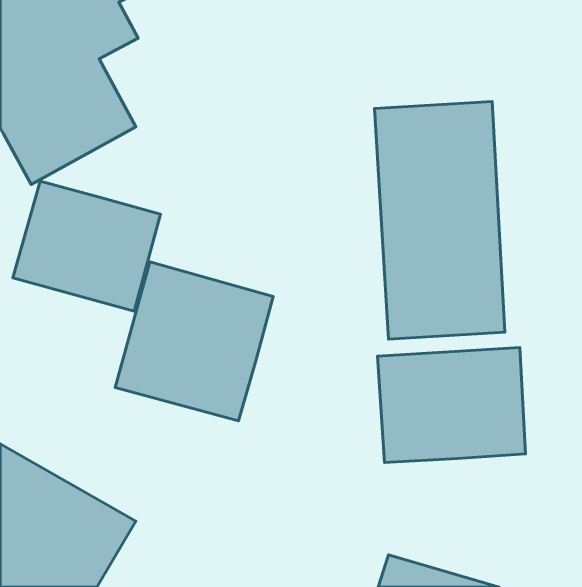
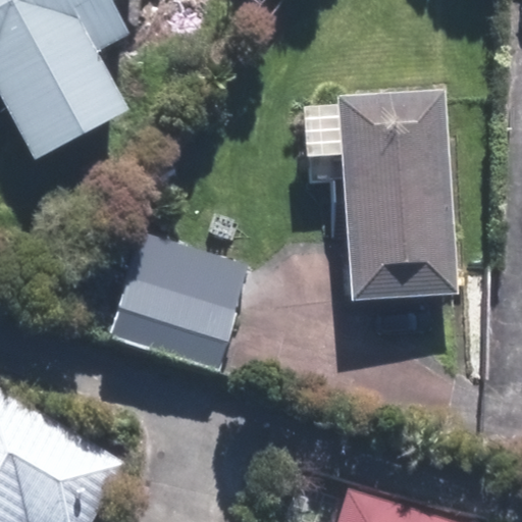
building: [13,181,160,311] -> none
building: [378,348,526,462] -> none

